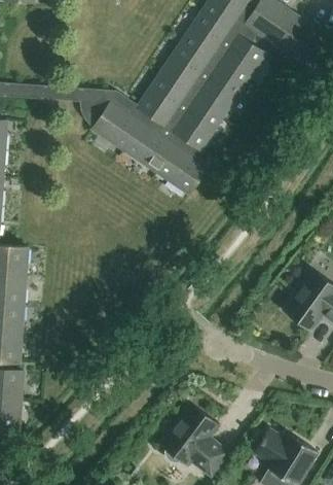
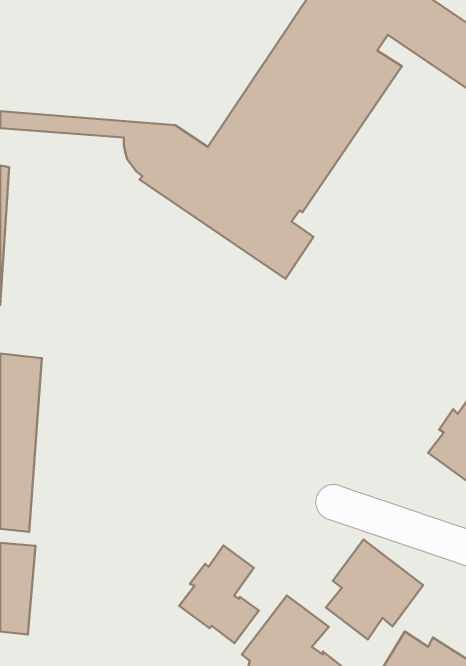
building: none -> [326,539,423,639]
building: none -> [179,546,259,643]

